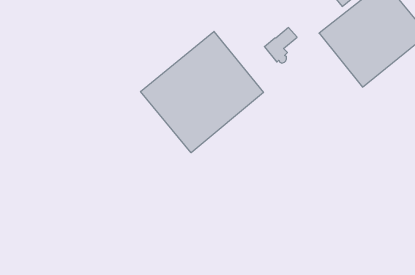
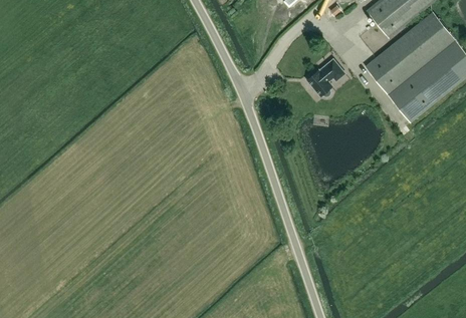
building: [141,31,263,153] -> none

